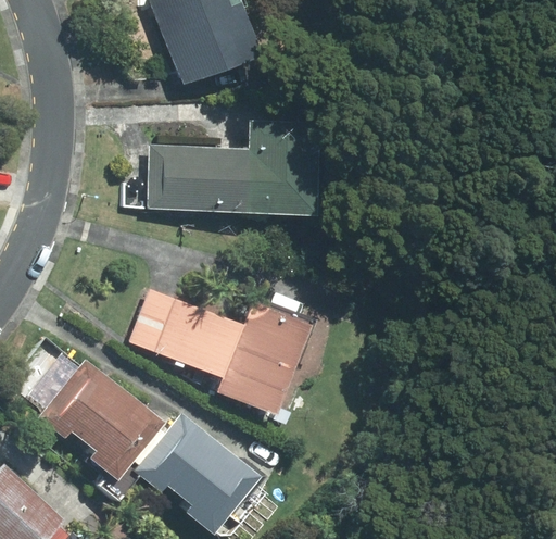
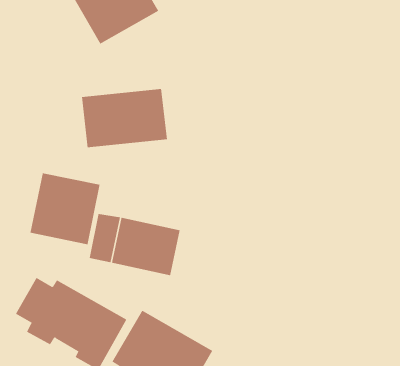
building: [247,123,320,216] -> none
building: none -> [30,172,100,245]
building: [218,302,312,414] -> none

